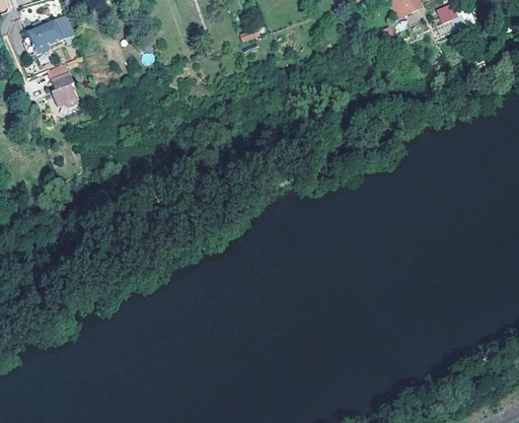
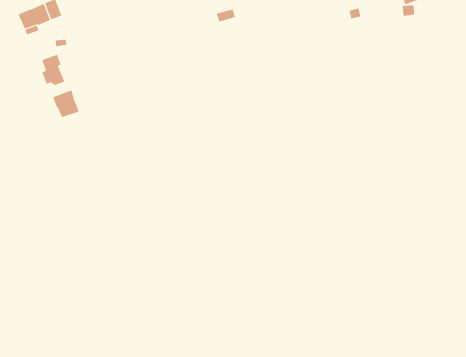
building: none -> [53,90,79,118]

